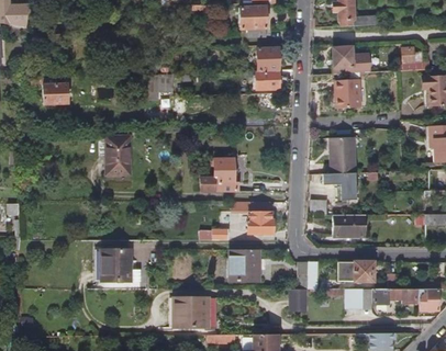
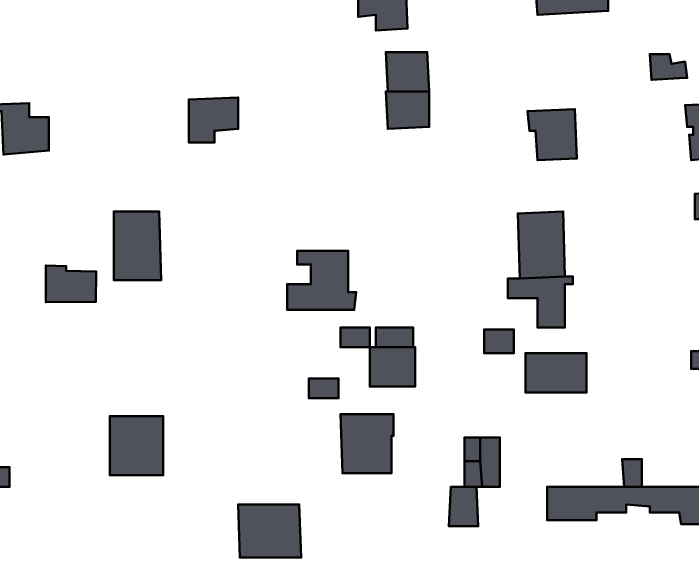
building: [332,47,370,73] -> none
building: none -> [46,265,96,302]
building: [337,261,373,282] -> none

